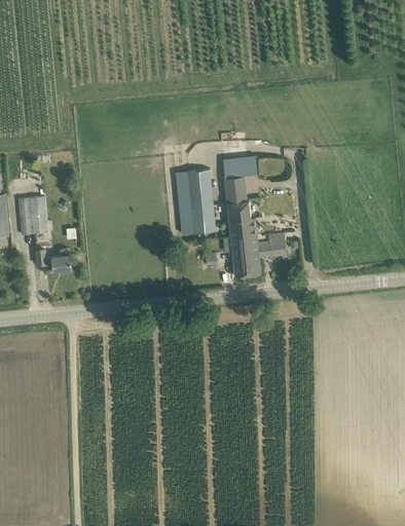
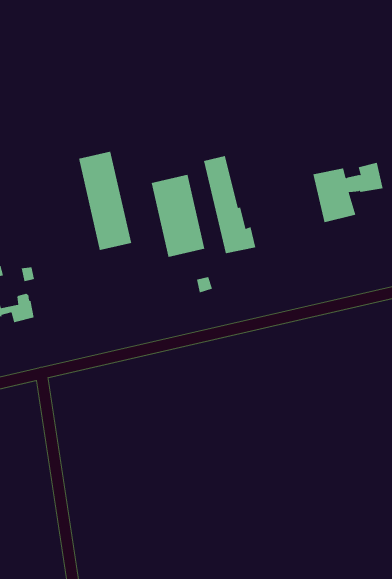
building: none -> [78,151,132,251]
building: [230,234,286,277] -> [312,162,383,223]

